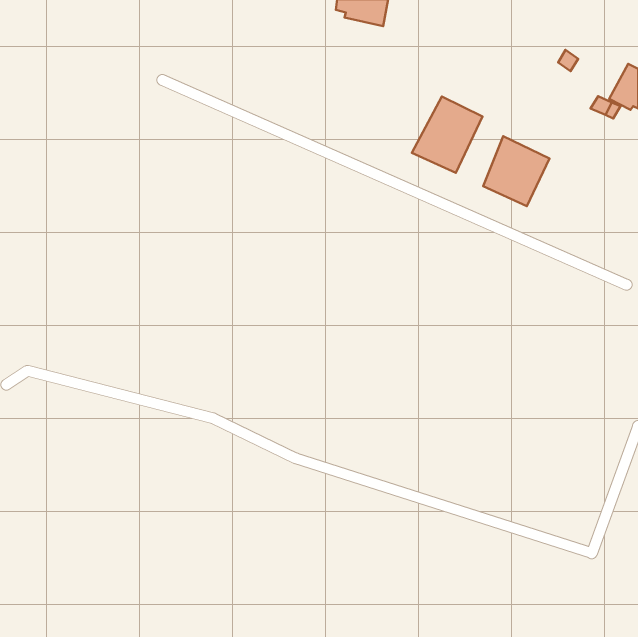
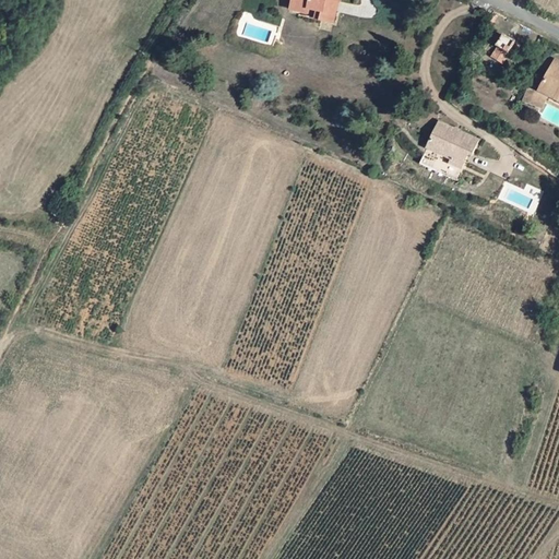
building: [412,96,482,173] -> none

